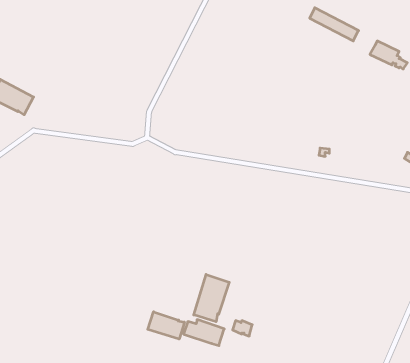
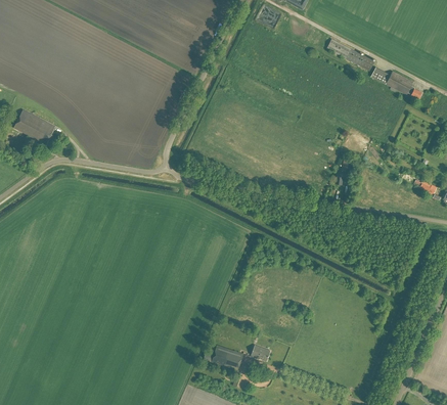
building: [194,274,229,322] -> none
building: [148,312,184,339] -> none

